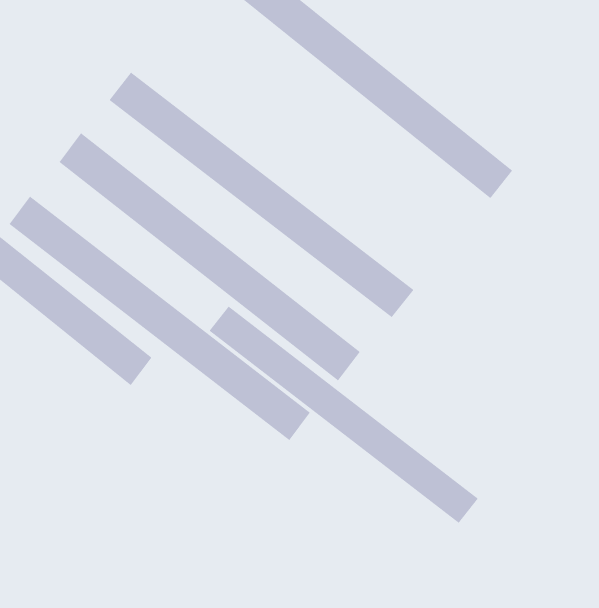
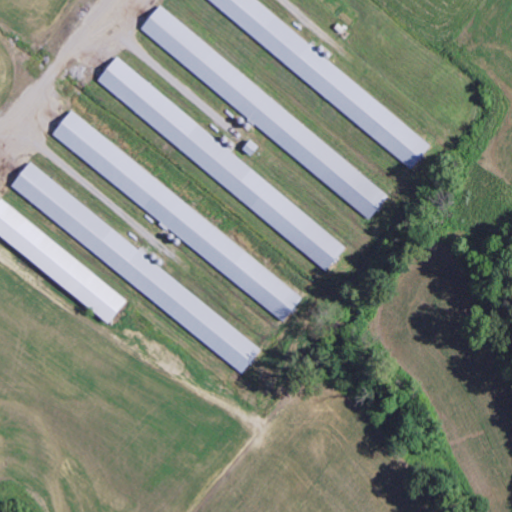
building: none -> [137,6,388,218]
building: [209,305,479,524] -> none

